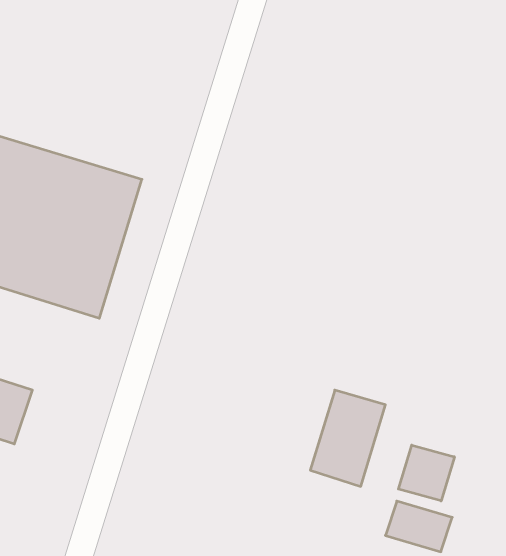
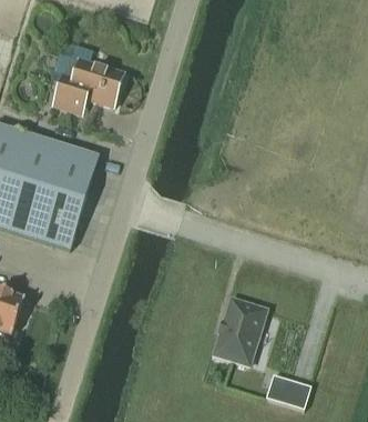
building: none -> [54,58,125,111]
building: [398,445,454,501] -> none

